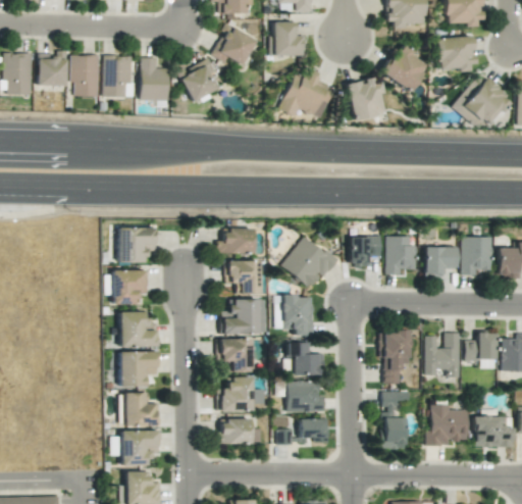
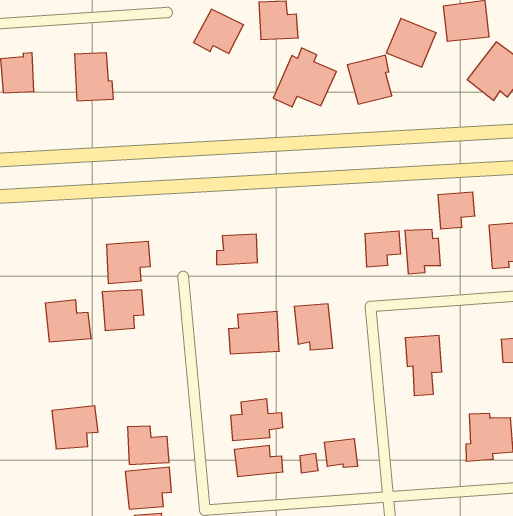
building: [70,54,99,97] -> none
building: [141,57,169,101] -> none
building: [176,58,218,102] -> none
building: [281,237,338,290] -> none
building: [425,247,457,278] -> [438,192,475,229]
building: [224,260,261,295] -> none
building: [119,311,158,347] -> [45,300,91,342]
building: [425,333,461,377] -> none
building: [216,338,252,372] -> none
building: [286,342,324,375] -> none
building: [119,351,159,387] -> [52,406,98,449]
building: [286,381,325,412] -> none
building: [380,391,410,448] -> none

